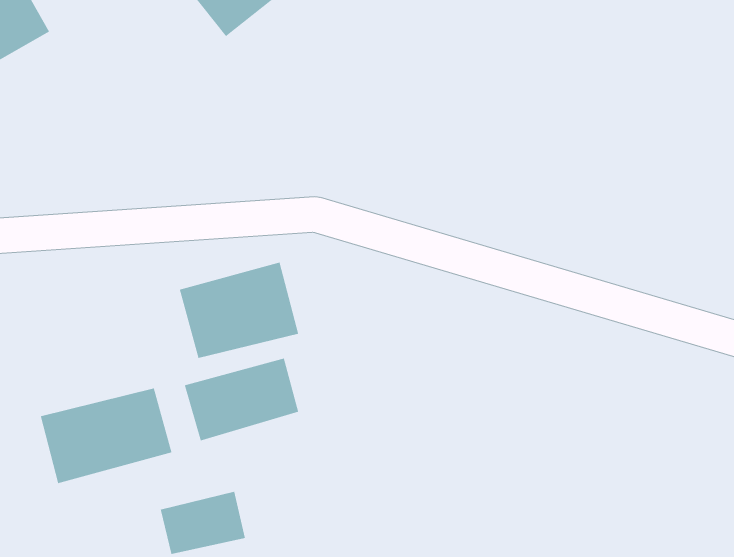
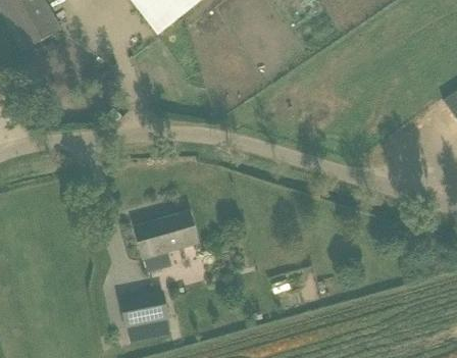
building: [179,262,299,359] -> none
building: [40,387,173,484] -> none

